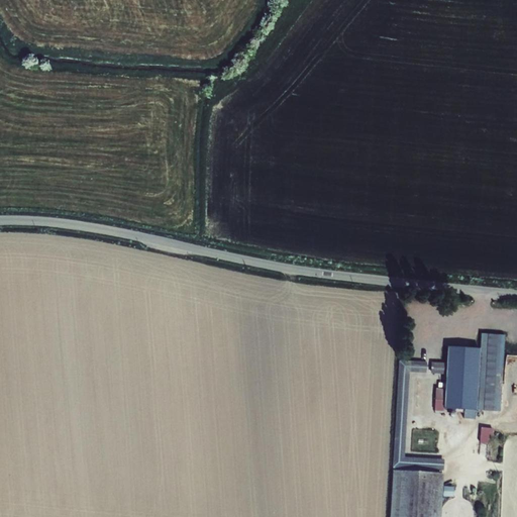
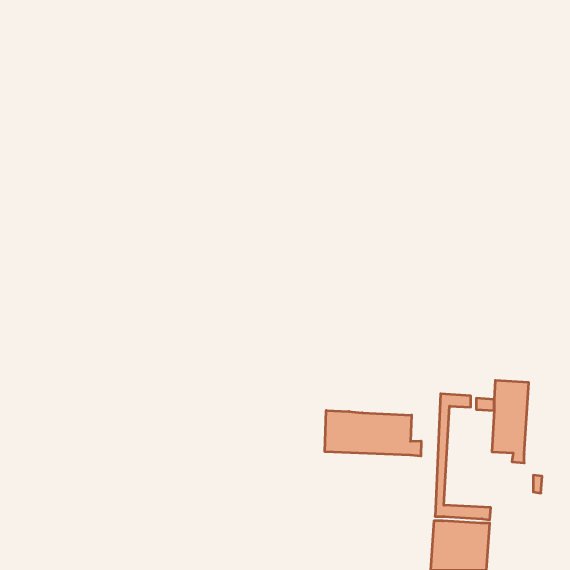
building: [477,335,505,411] -> none
building: none -> [325,410,421,456]

